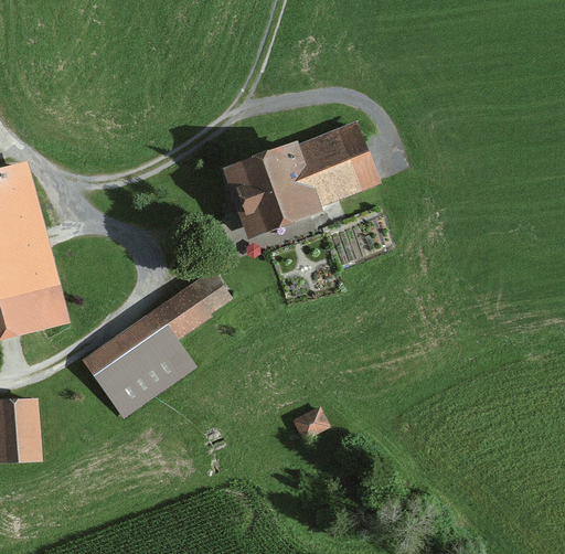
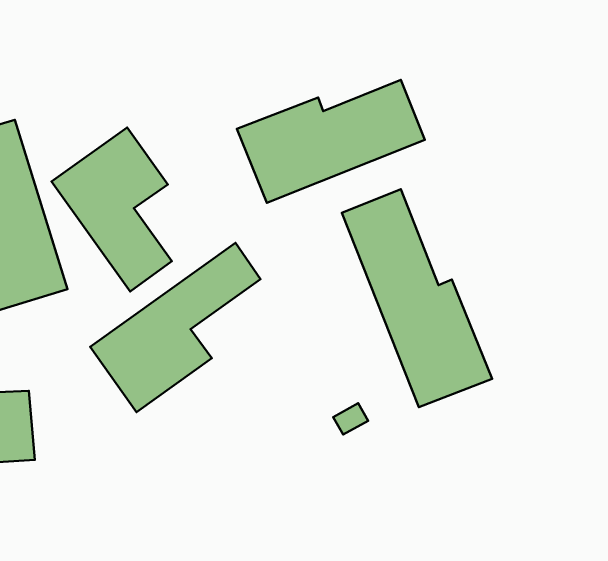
building: none -> [52,127,172,292]
building: none -> [342,189,492,407]

